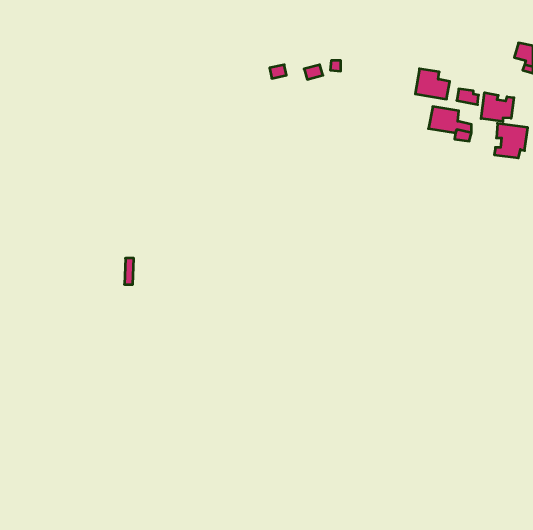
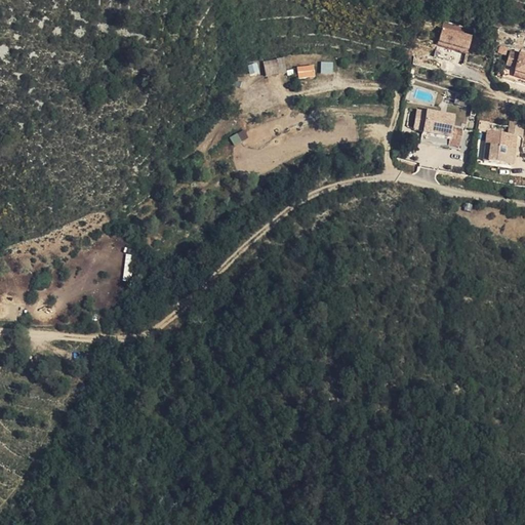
building: [415,69,450,99] -> [437,27,471,56]
building: [481,93,514,122] -> none

